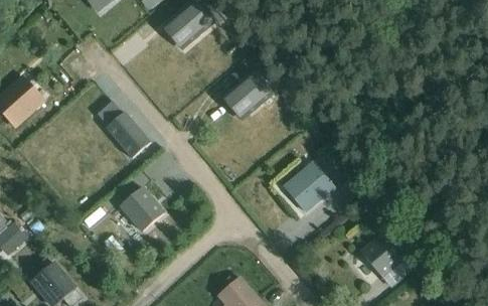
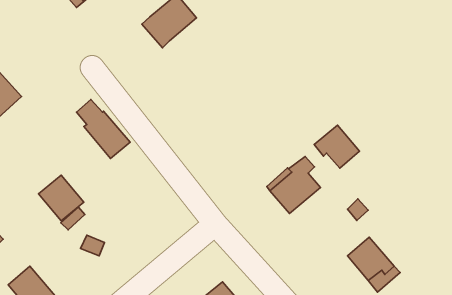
building: [221,70,273,121] -> none
building: none -> [314,125,359,168]
building: [120,187,164,232] -> [38,175,84,221]

